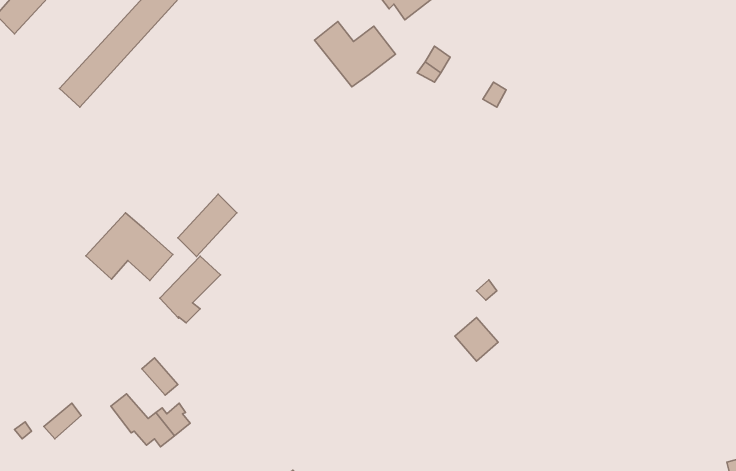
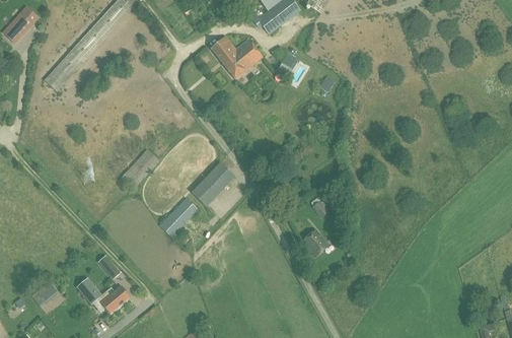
building: [86,213,173,280] -> none
building: none -> [192,162,234,206]
building: [160,256,221,323] -> [159,197,199,241]

